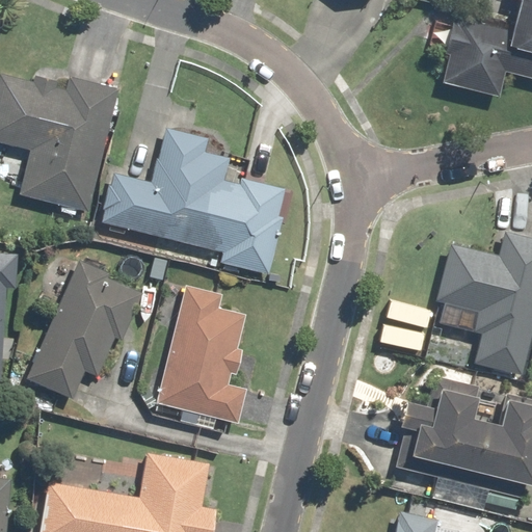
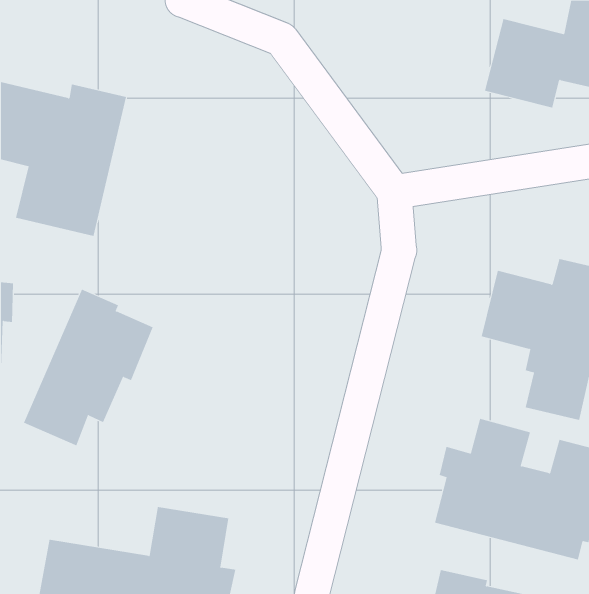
building: [102,127,290,274] -> none
building: [155,284,247,424] -> none

